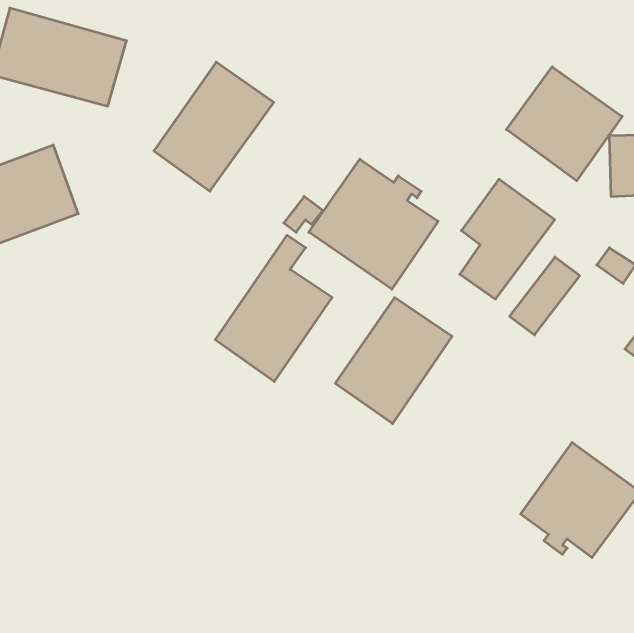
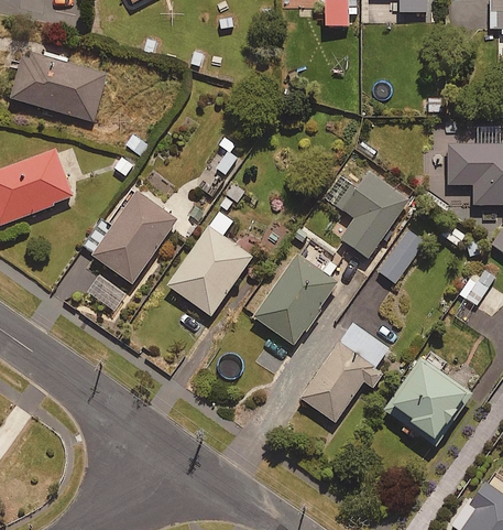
building: [154,62,274,191] -> [91,192,176,283]
building: [506,67,622,181] -> none
building: [309,159,438,289] -> none
building: none -> [300,324,387,421]

